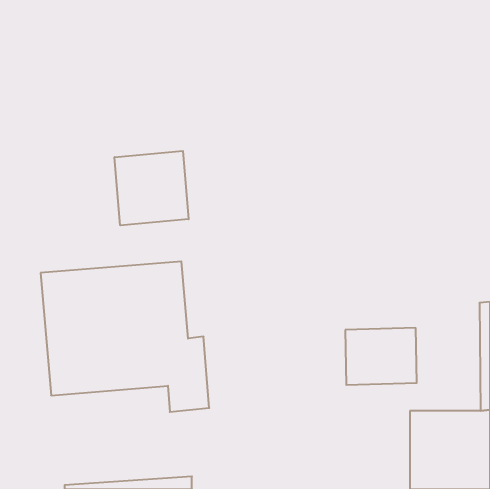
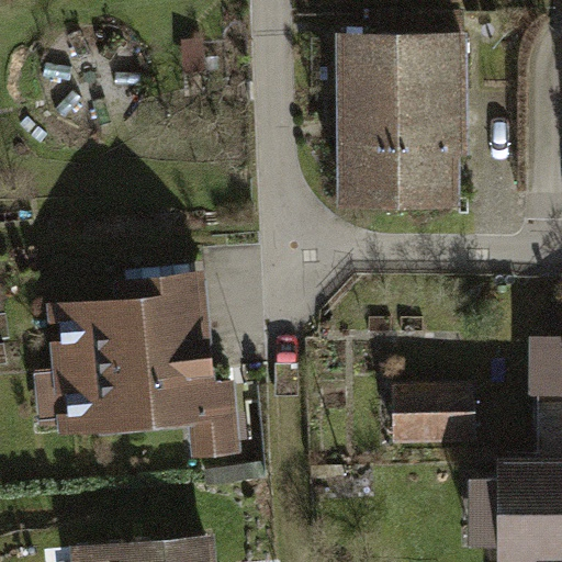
building: none -> [336,20,465,195]
building: [115,151,189,225] -> none

